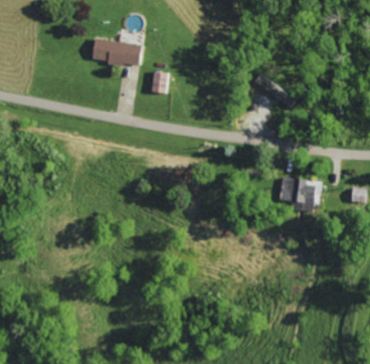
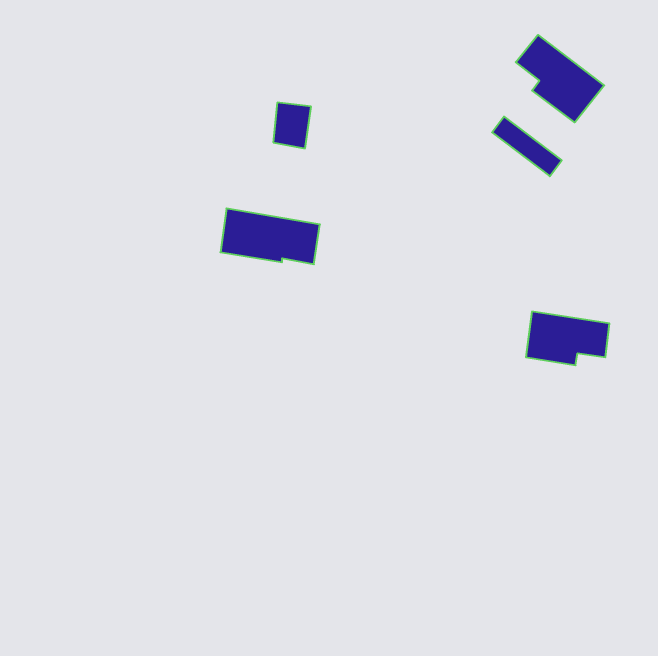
building: none -> [516,35,604,122]
building: [91,38,142,66] -> [220,208,320,264]

